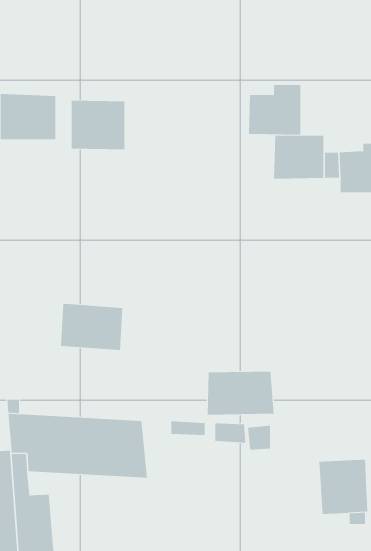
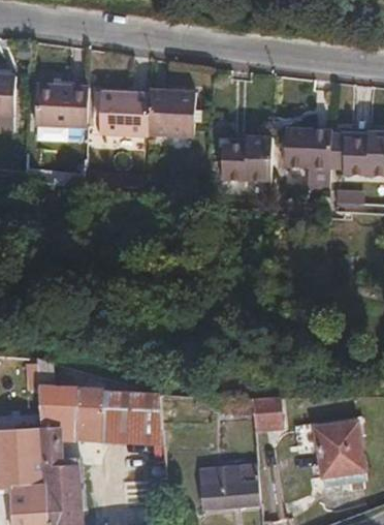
building: [248,84,301,135] -> [220,136,268,183]
building: none -> [147,93,193,138]
building: [60,303,123,351] -> none
building: [207,371,275,415] -> [202,458,264,498]

